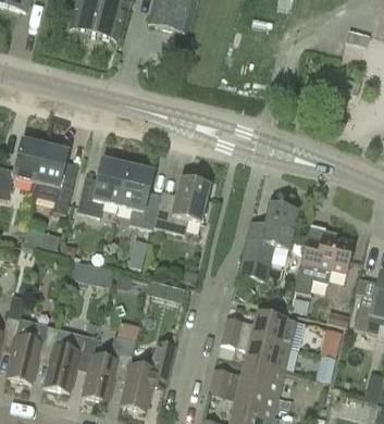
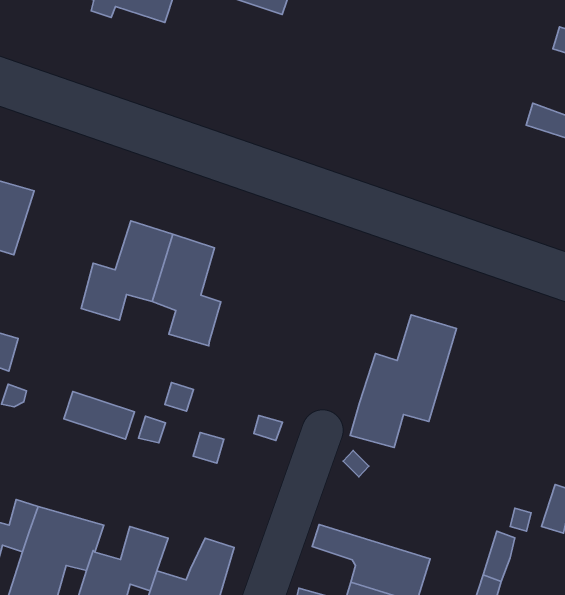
building: [36,142,74,213] -> none
building: [153,176,210,232] -> none
building: [295,226,355,295] -> none
building: [224,309,297,345] -> none

